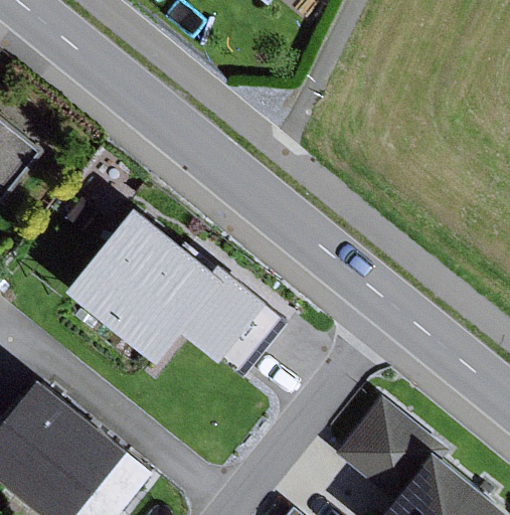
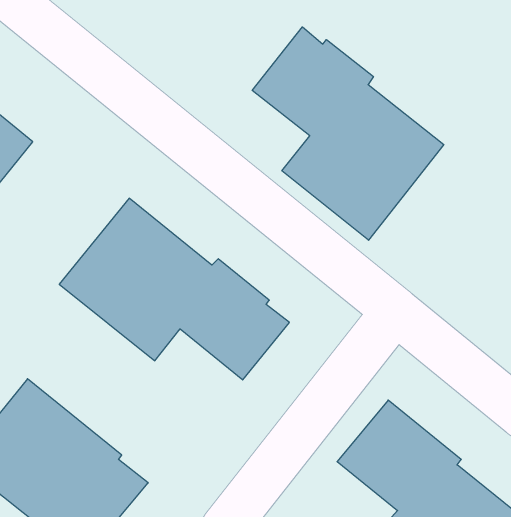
building: none -> [252,27,444,240]

